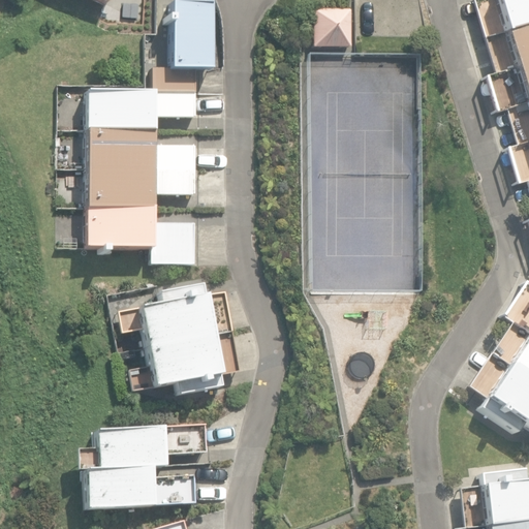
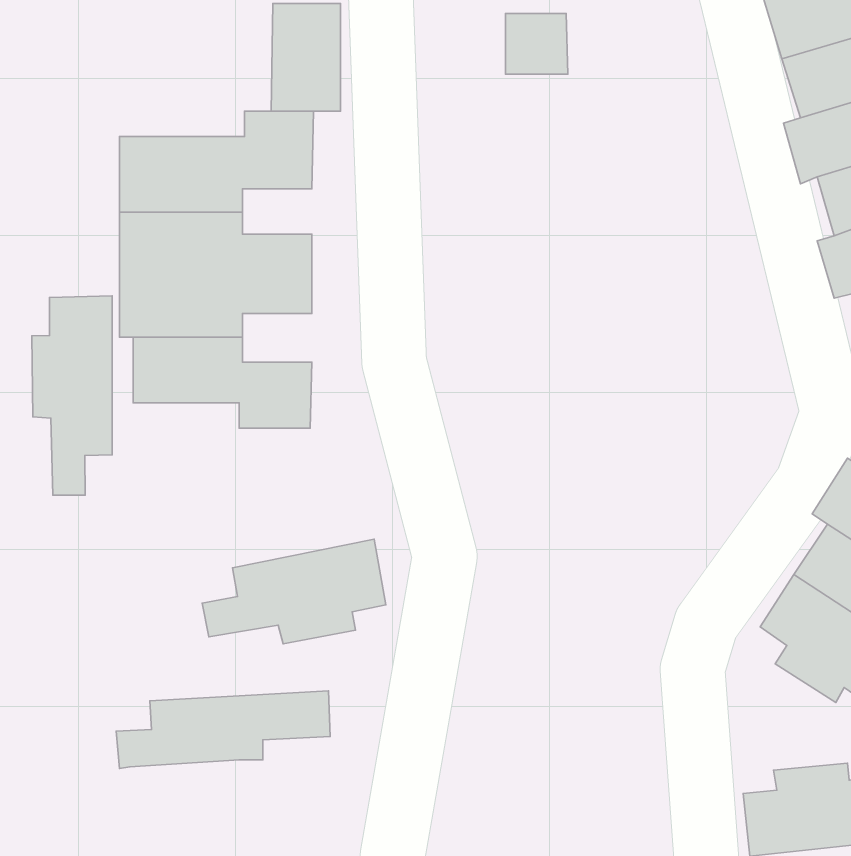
building: none -> [32,296,112,495]
building: [120,283,236,348] -> none
building: [86,466,198,509] -> none

